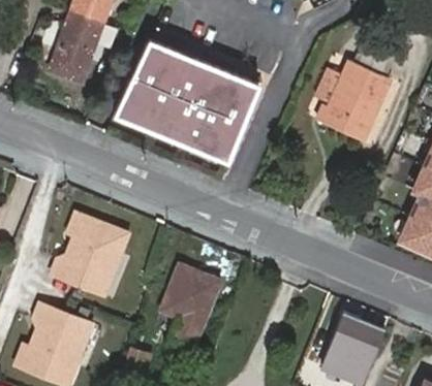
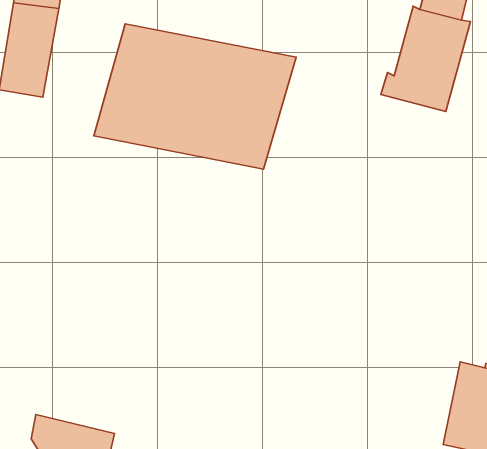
building: [50,215,128,296] -> none
building: [162,264,218,345] -> none

